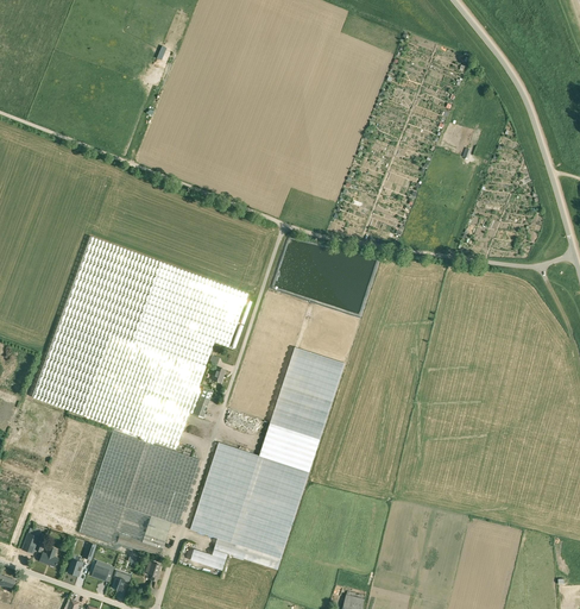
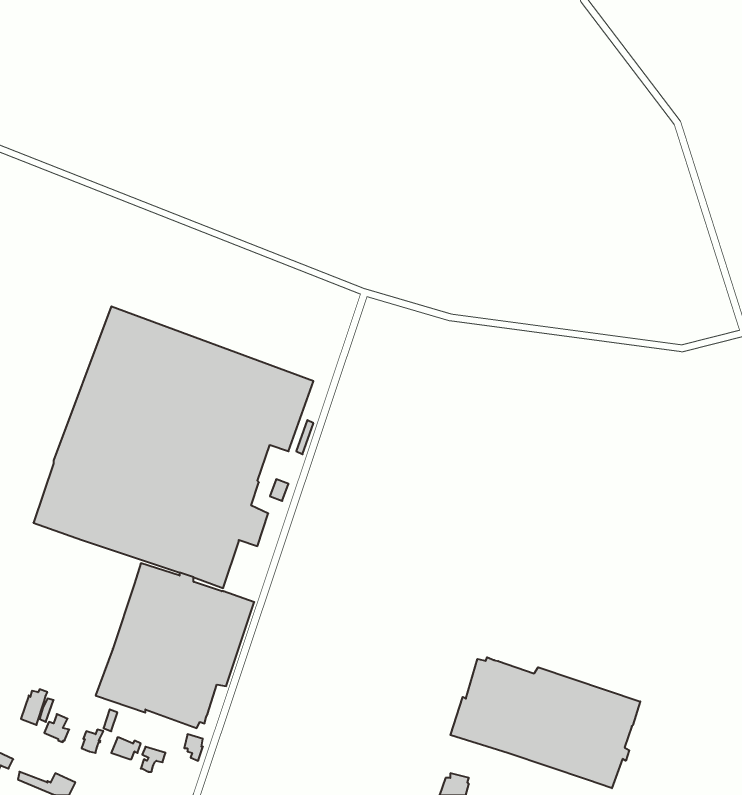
building: [190,347,345,570] -> none
building: none -> [450,657,640,788]

